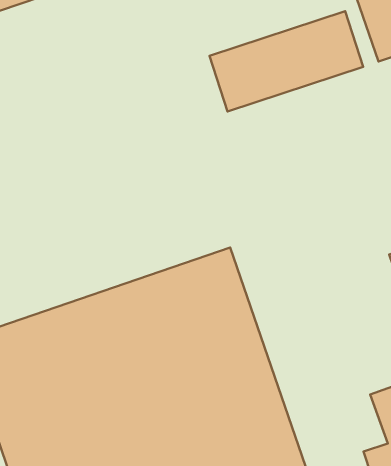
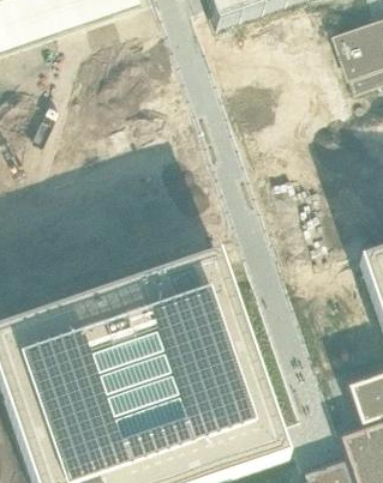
building: [210,11,363,112] -> none

